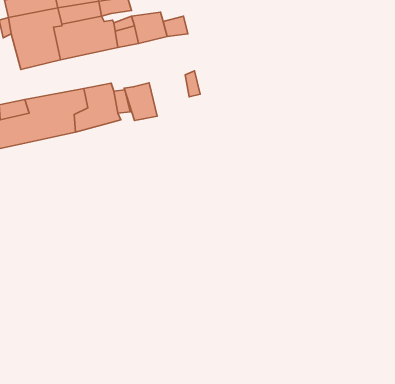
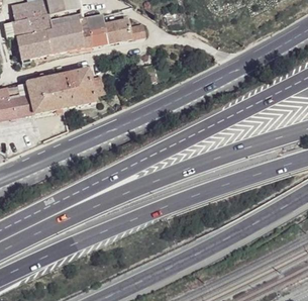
building: [124,83,157,120] -> none

